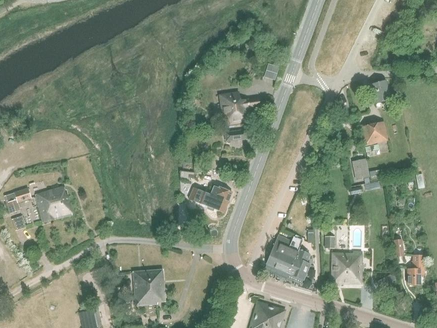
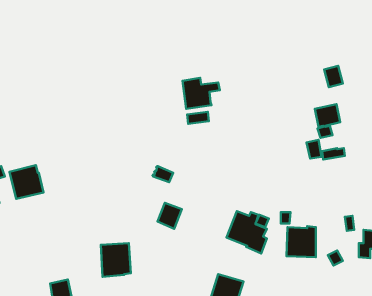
building: [206,184,232,212] -> [157,203,182,229]

